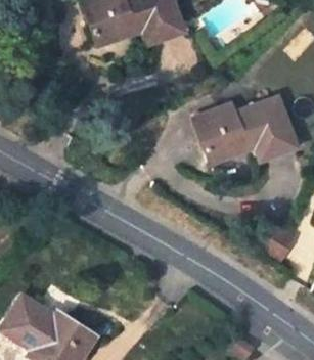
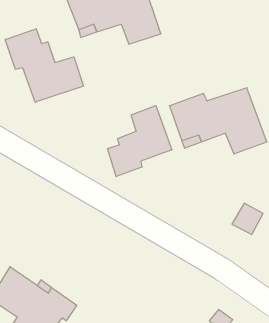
building: none -> [5,29,83,102]
building: none -> [107,106,172,177]

